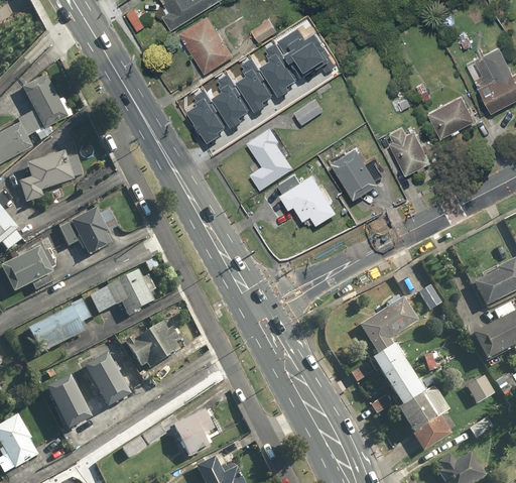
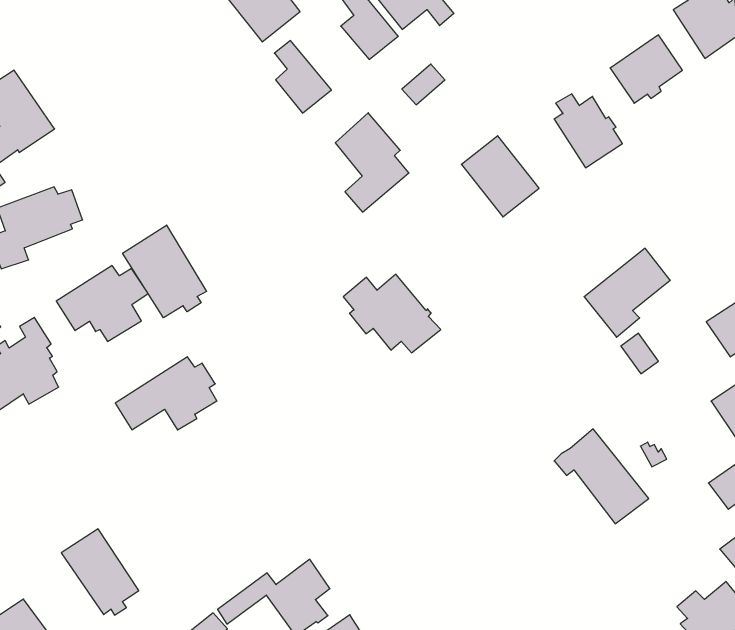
building: [235,57,270,106] -> none
building: [189,89,225,136] -> none
building: [275,174,336,226] -> [343,274,441,353]
building: none -> [123,225,207,318]
building: [360,298,416,354] -> [584,248,670,337]
building: [27,299,89,353] -> none
building: [125,321,179,367] -> none
building: [85,352,131,407] -> none
building: [396,385,450,451] -> none

